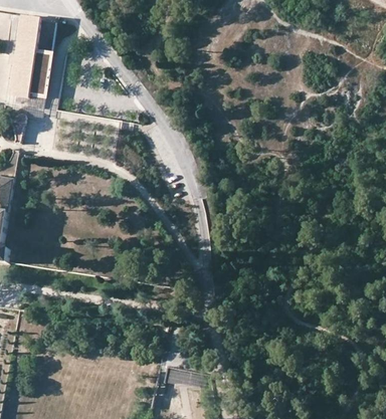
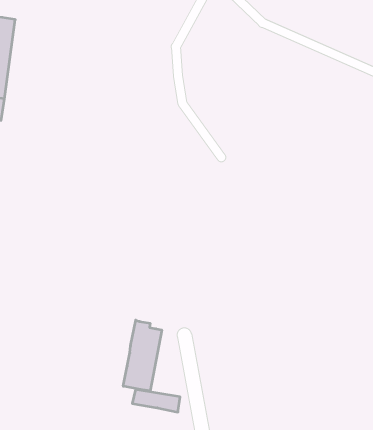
building: none -> [123,320,162,391]

